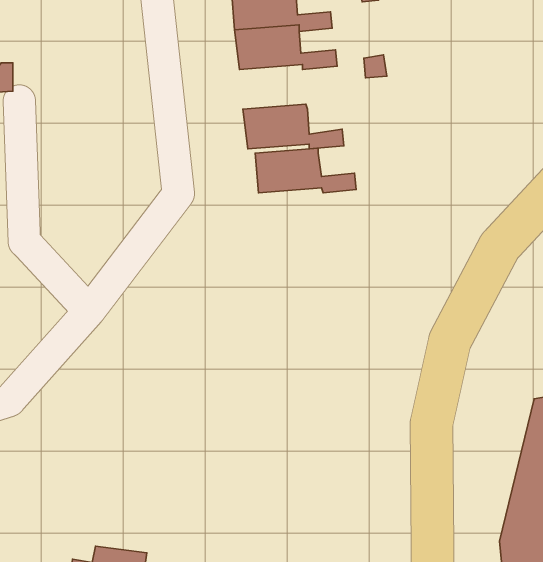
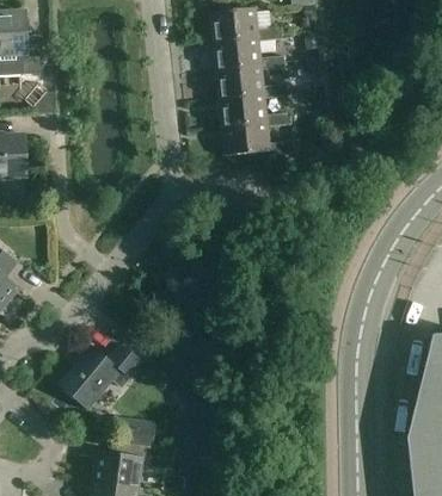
building: [255,148,356,193] -> [219,93,291,125]
building: none -> [57,342,142,409]

